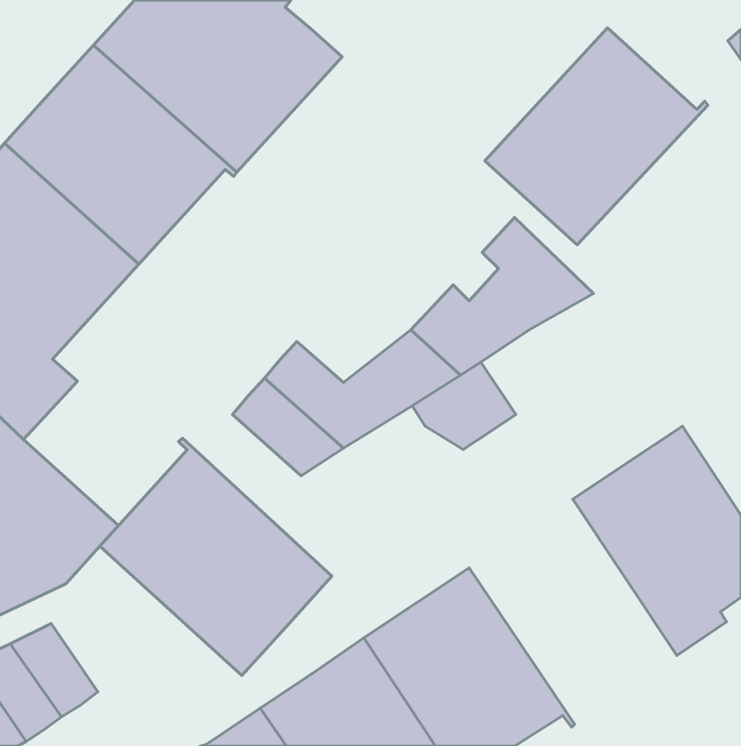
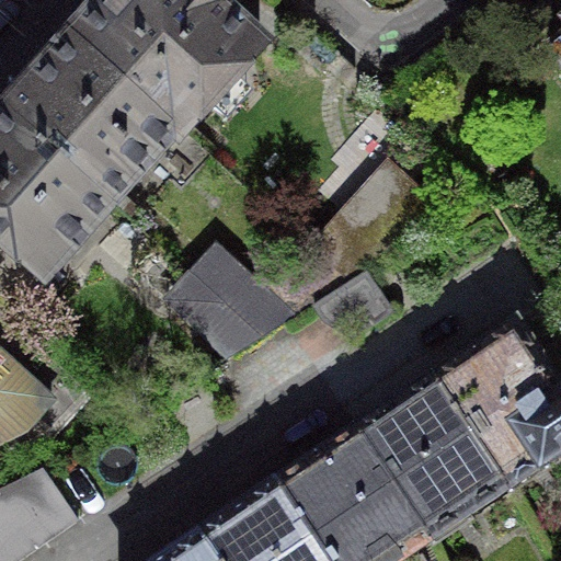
building: [485,28,708,245] -> none
building: [100,438,332,676] -> none
building: none -> [352,375,507,543]

